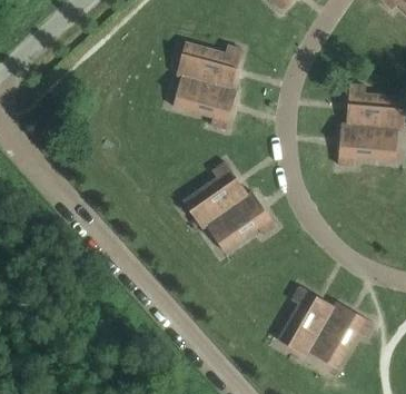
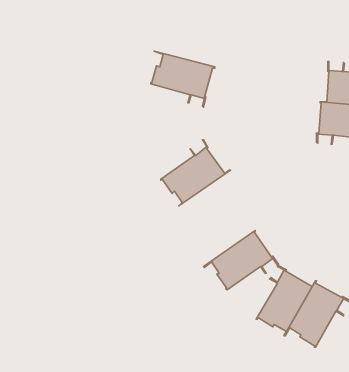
building: [177,42,242,89] -> none
building: [201,191,276,250] -> [204,231,279,290]

